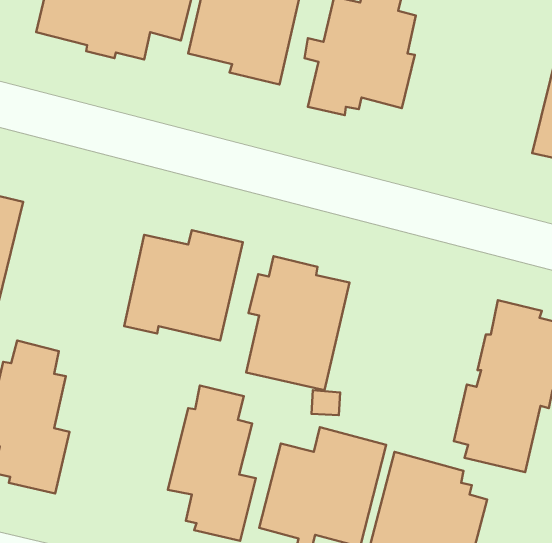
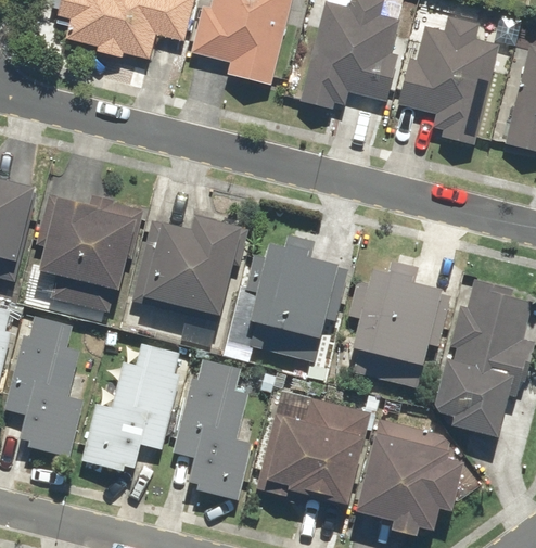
building: none -> [396,14,499,145]
building: none -> [36,197,138,314]
building: none -> [350,267,441,388]
building: none -> [81,343,179,471]

